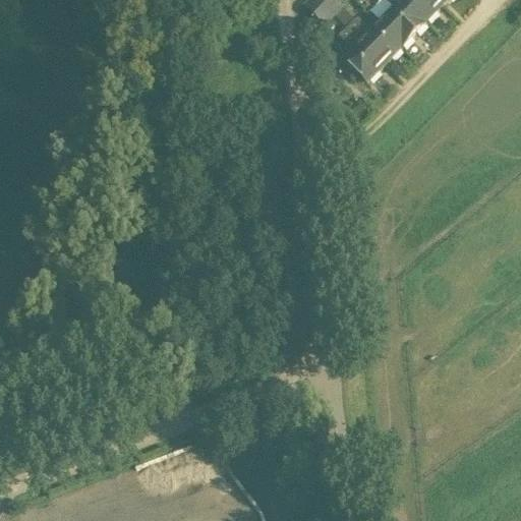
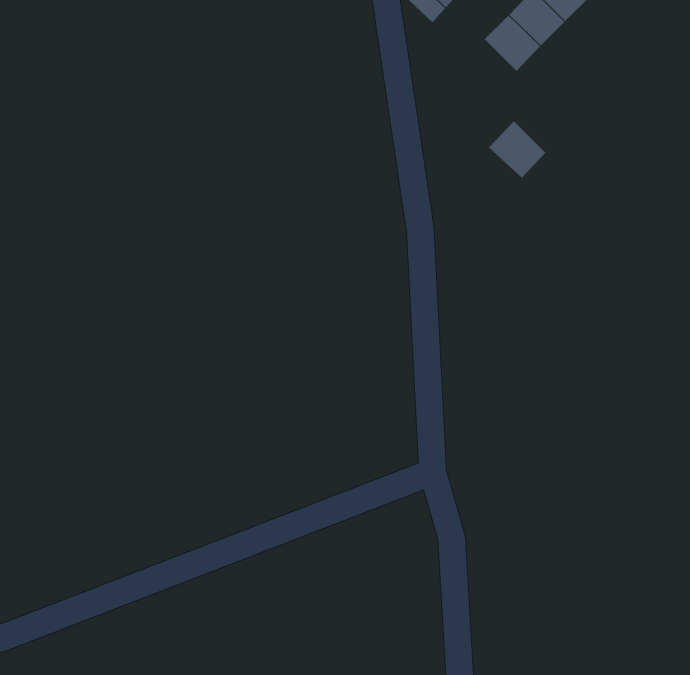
building: [346,30,390,73] -> [488,120,546,179]

